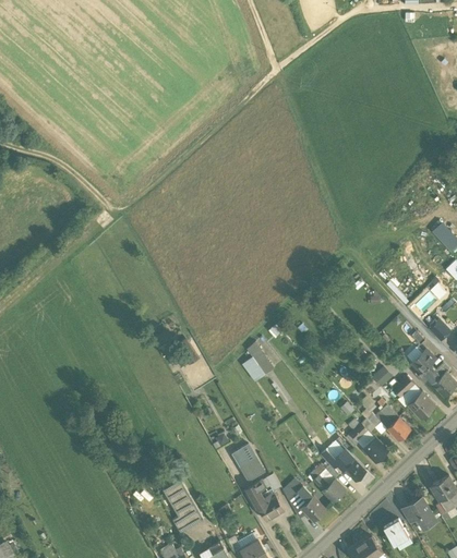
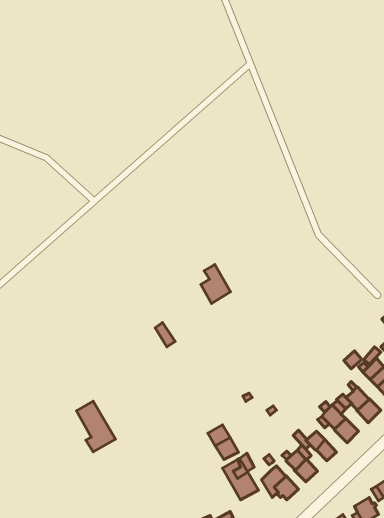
building: [243,341,274,381] -> [201,264,231,303]
building: [163,480,203,532] -> [76,401,115,452]

